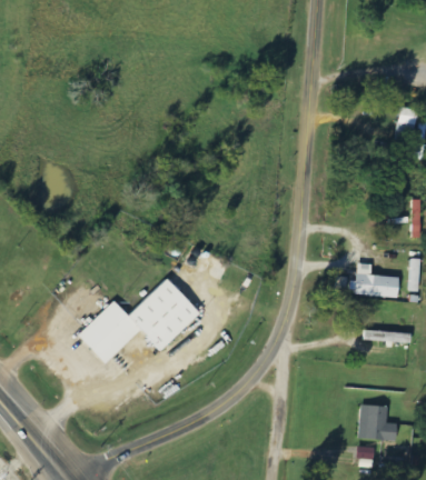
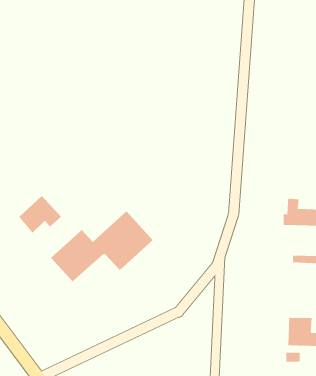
building: none -> [18,195,62,233]

